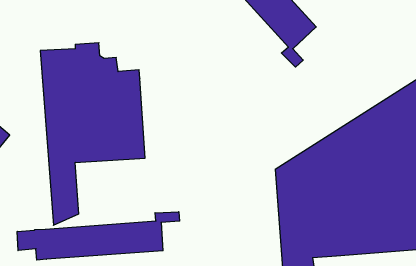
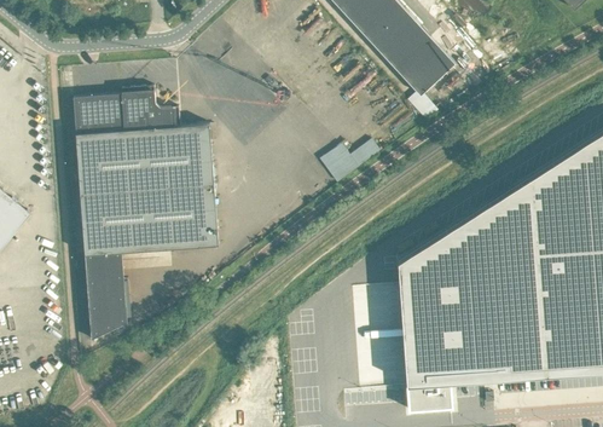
building: none -> [319,138,381,181]
building: [17,212,180,260] -> none

